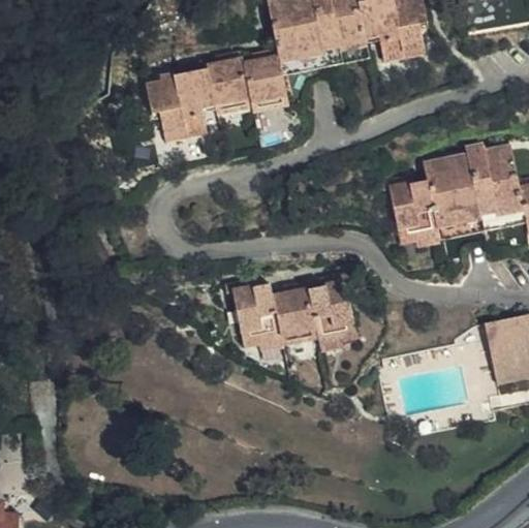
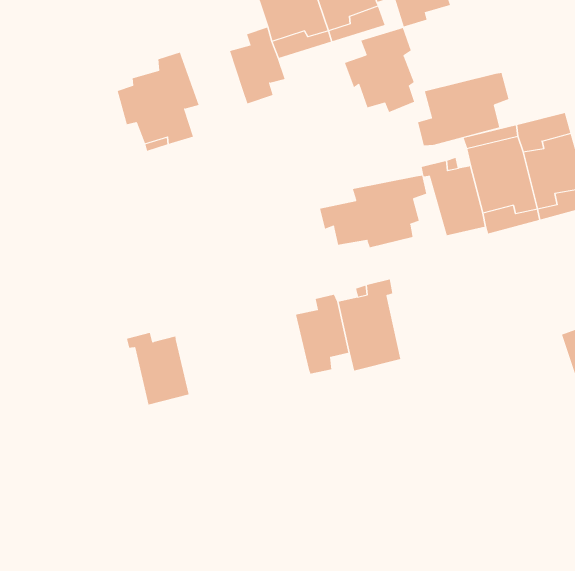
building: [198,52,245,115] -> none
building: none -> [344,27,415,113]
building: none -> [417,72,509,146]
building: none -> [319,175,427,248]
building: [229,281,277,341] -> [126,332,189,405]

